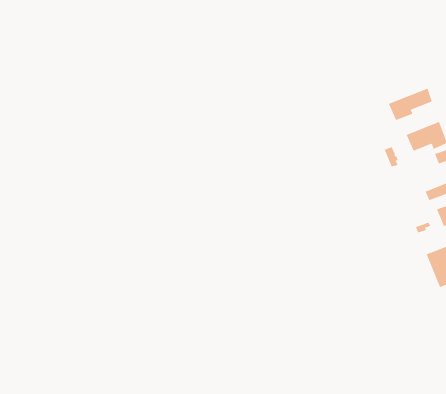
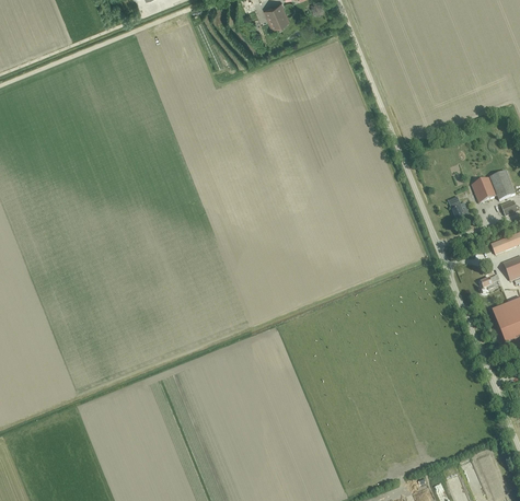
building: [388,88,433,121] -> none

